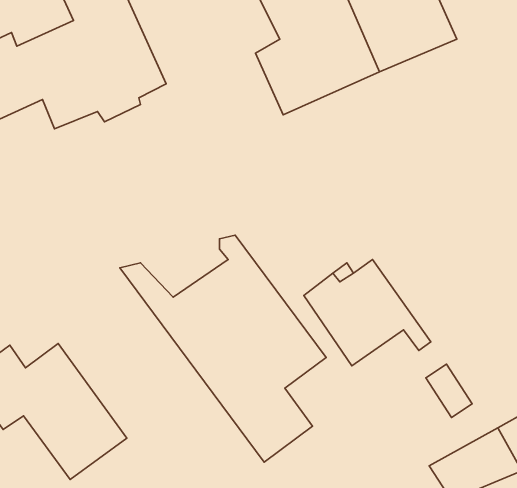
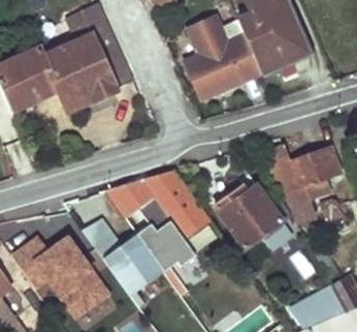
building: none -> [263,144,339,222]
building: none -> [118,172,170,207]
building: none -> [83,217,164,294]

